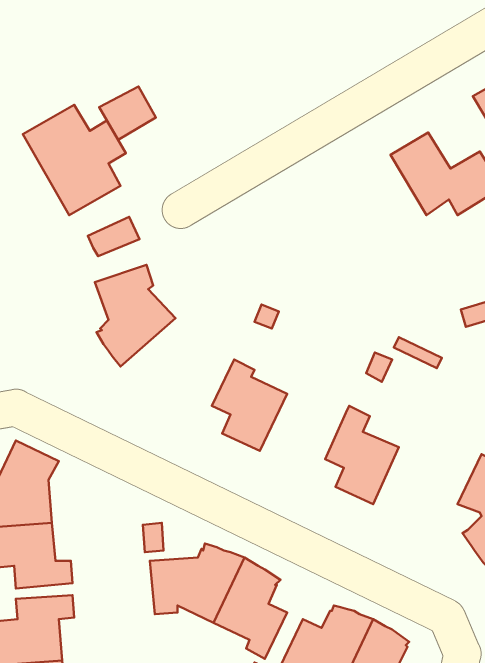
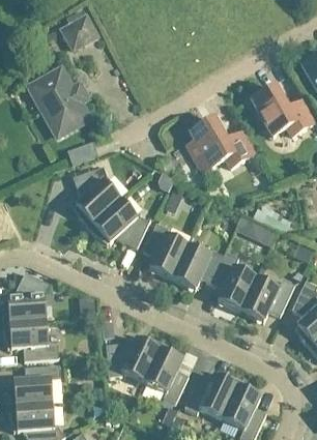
building: [99,86,156,140] -> [62,17,96,49]
building: none -> [191,118,256,167]
building: none -> [89,198,151,247]
building: none -> [173,243,225,289]
building: none -> [241,275,296,321]

